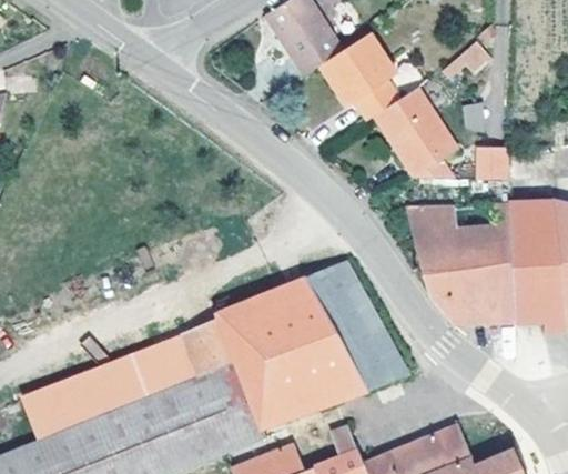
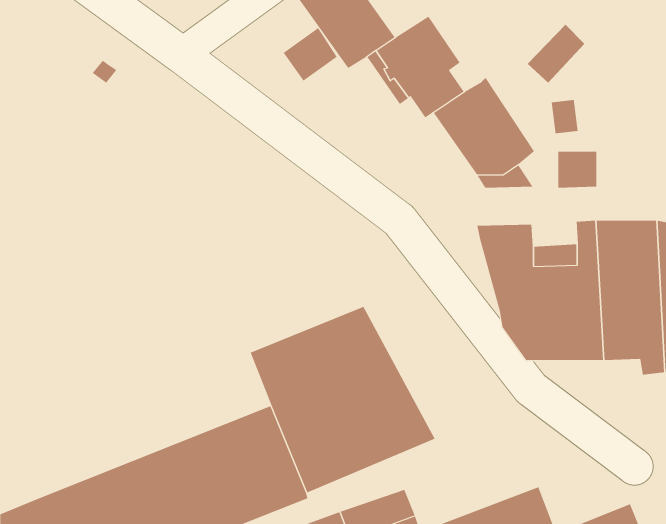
building: none -> [283,27,338,81]
building: [312,259,414,386] -> none
building: [22,314,234,436] -> none

